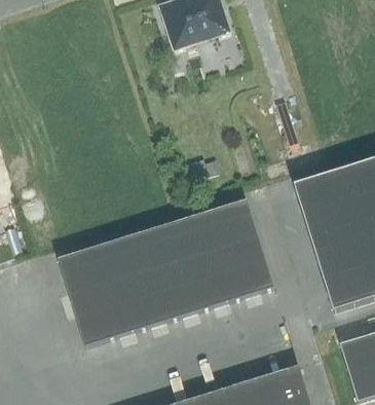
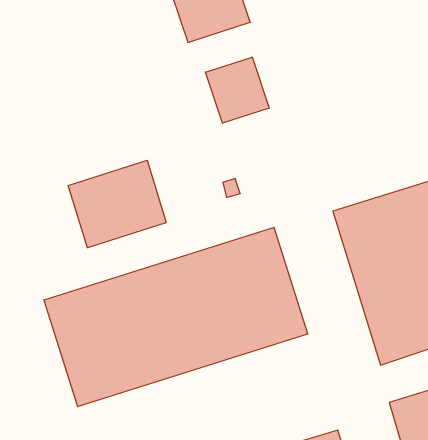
building: none -> [205,57,269,123]
building: none -> [68,160,166,248]

